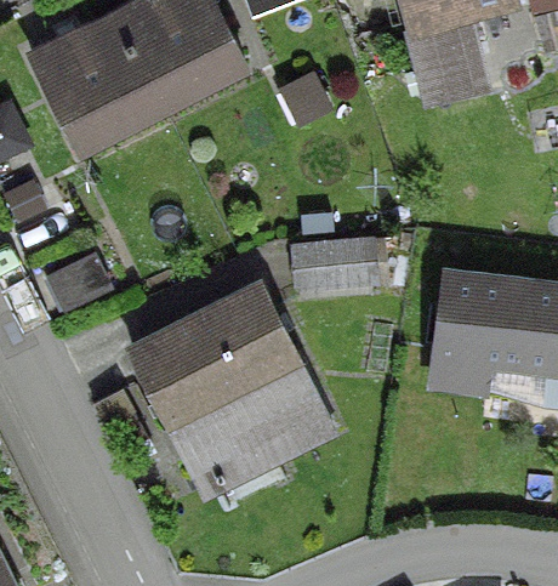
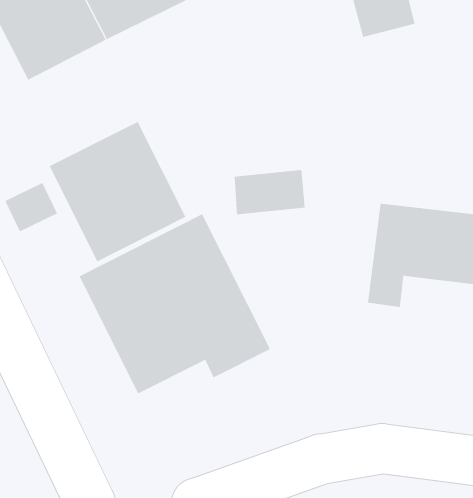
building: none -> [49,121,186,262]

